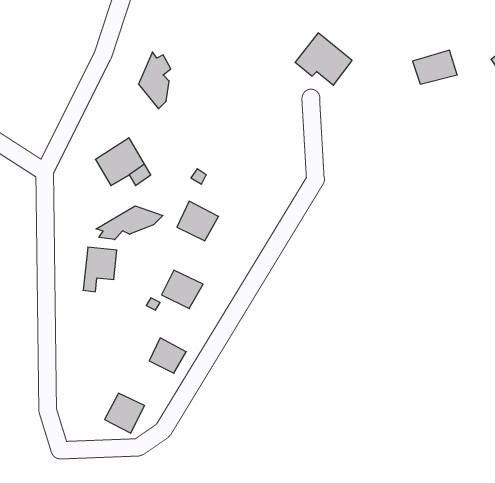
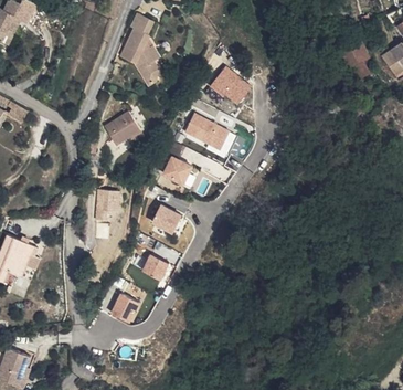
building: none -> [118,15,149,71]
building: [295,33,352,85] -> [210,65,251,103]
building: none -> [185,113,230,148]
building: [96,206,163,240] -> none

